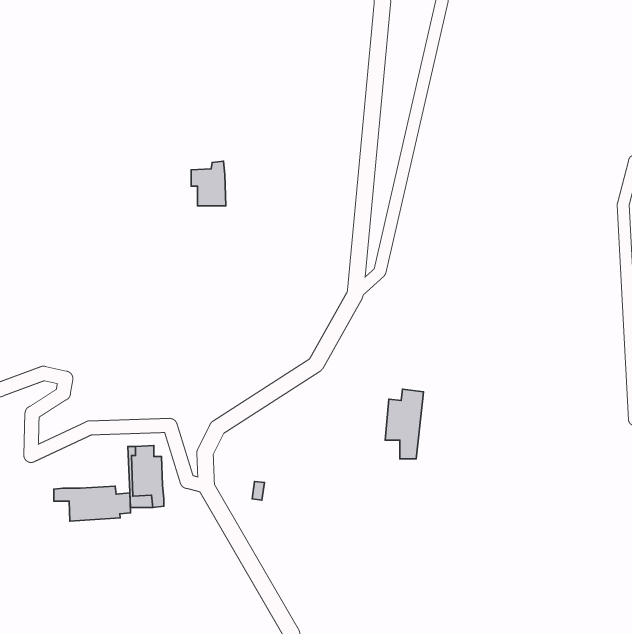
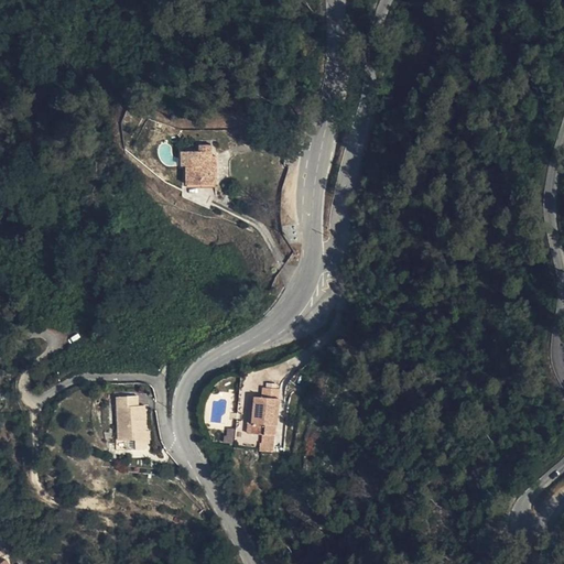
building: [385,389,424,459] -> [250,390,284,452]
building: [54,486,130,521] -> none

